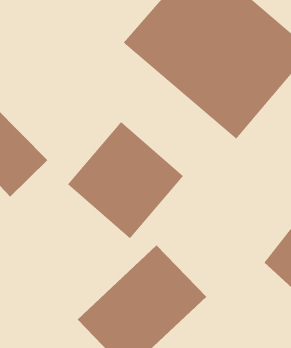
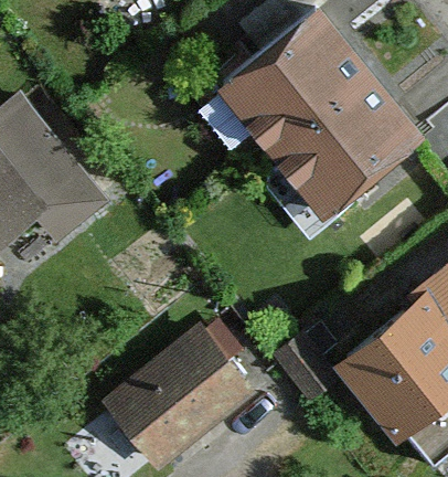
building: [67,121,184,239] -> none

